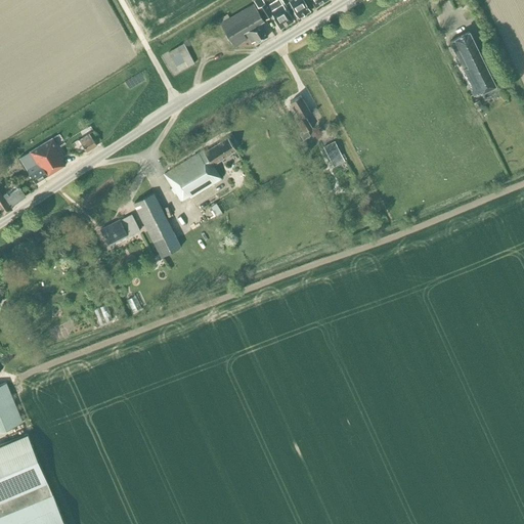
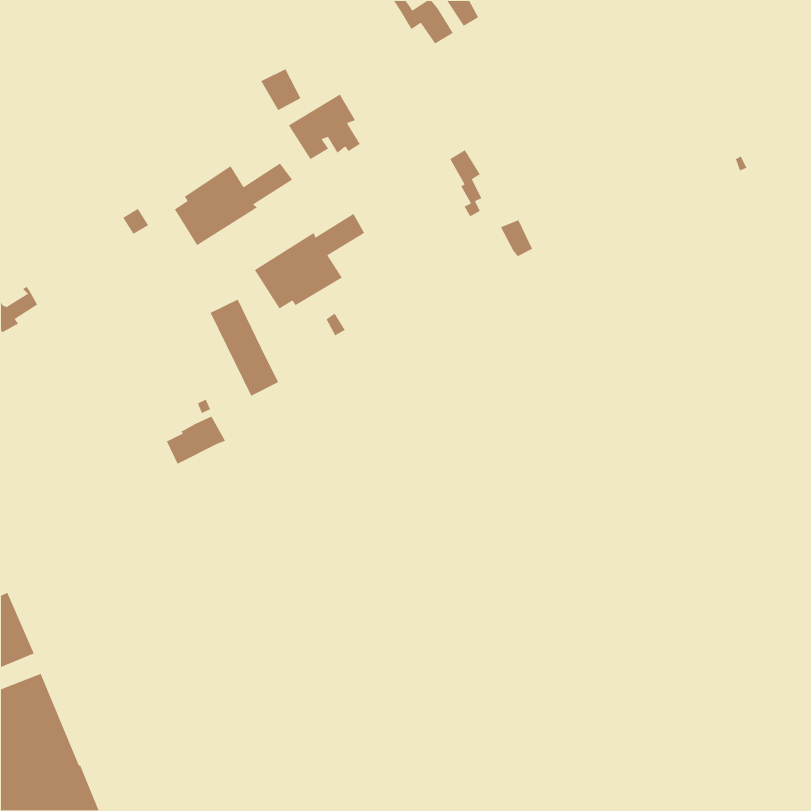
building: [220,4,267,47] -> [288,93,361,160]
building: [449,31,495,96] -> none
building: none -> [174,162,293,246]
building: [19,138,64,183] -> none
building: [101,214,140,246] -> [166,416,226,465]

